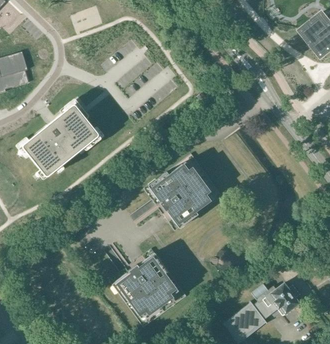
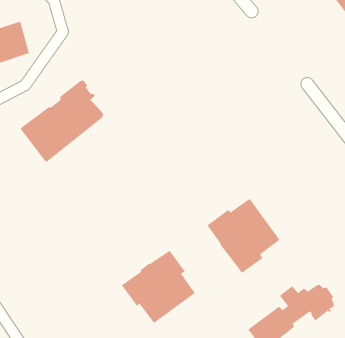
building: [148,161,213,228] -> [207,198,280,274]

